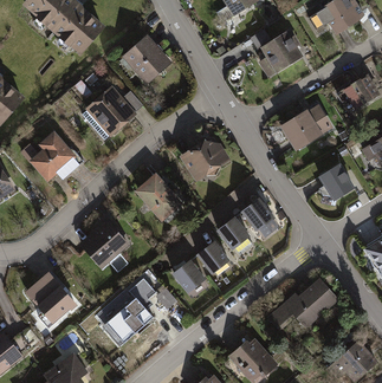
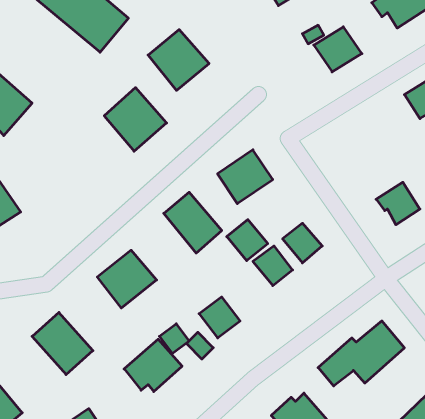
building: [276,105,328,150] -> none
building: [21,130,83,182] -> none
building: [192,240,226,274] -> [227,220,268,261]

